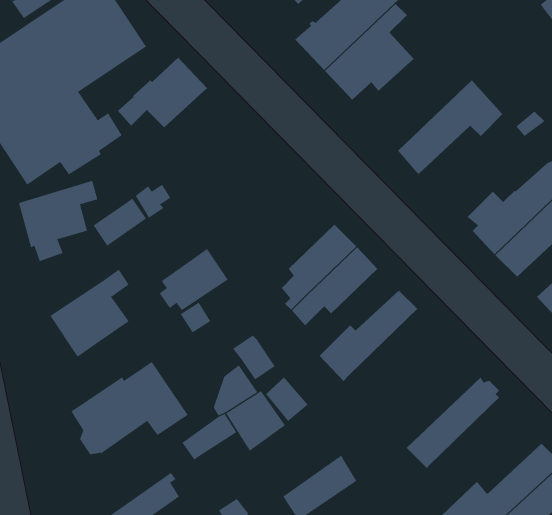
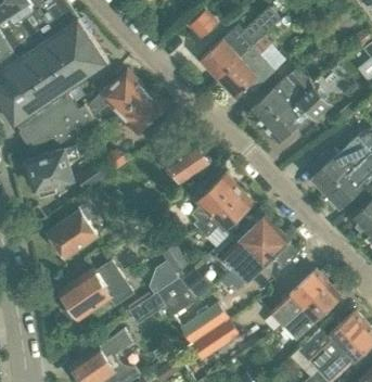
building: none -> [249,68,311,128]
building: none -> [119,89,165,137]
building: [159,248,228,311] -> [167,143,210,182]
building: none -> [221,227,296,290]
building: none -> [285,282,342,338]
building: none -> [182,302,230,344]

